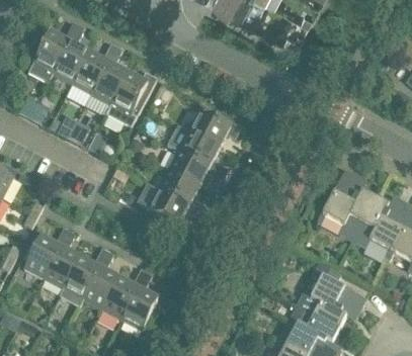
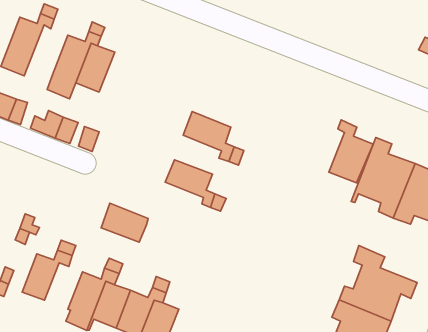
building: [49,42,90,86] -> none
building: [105,73,158,129] -> none
building: [189,110,243,149] -> none
building: [169,151,211,187] -> none
building: none -> [329,120,373,183]
building: [149,189,190,226] -> [101,203,148,242]
building: [44,248,79,288] -> none

